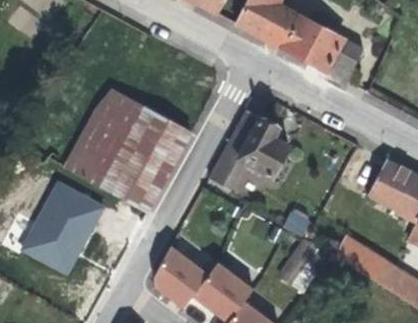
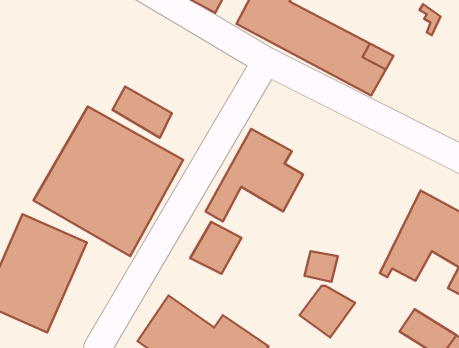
building: none -> [113,86,172,138]
building: none -> [190,222,241,274]
building: [337,236,379,275] -> none

